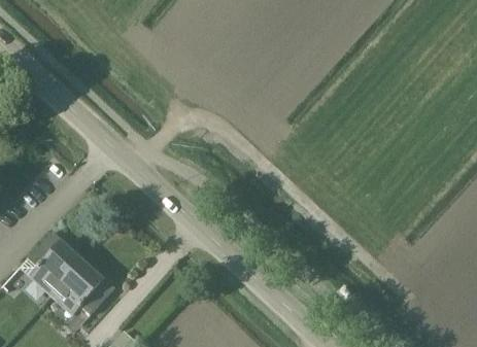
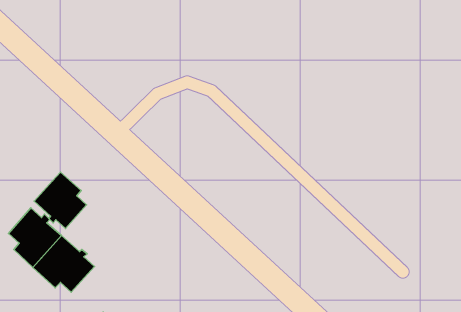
building: none -> [34,172,87,229]

